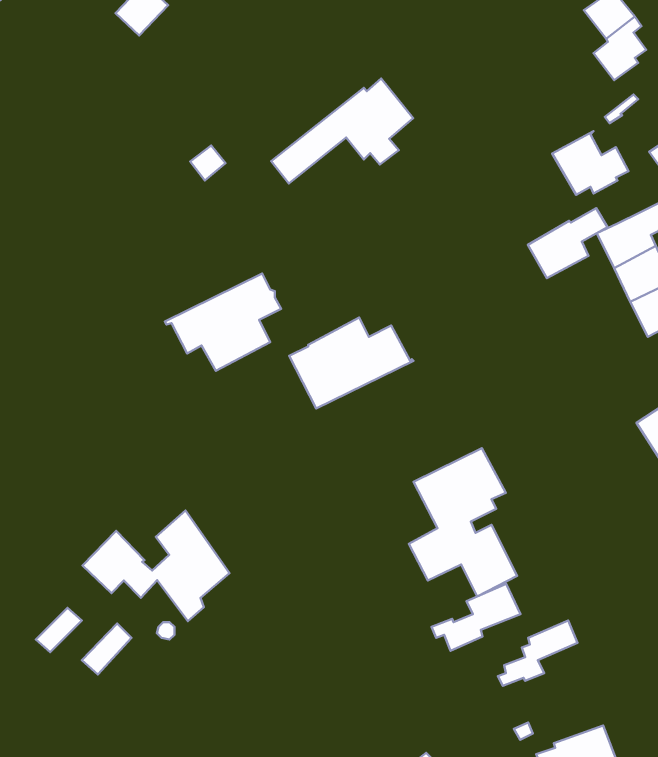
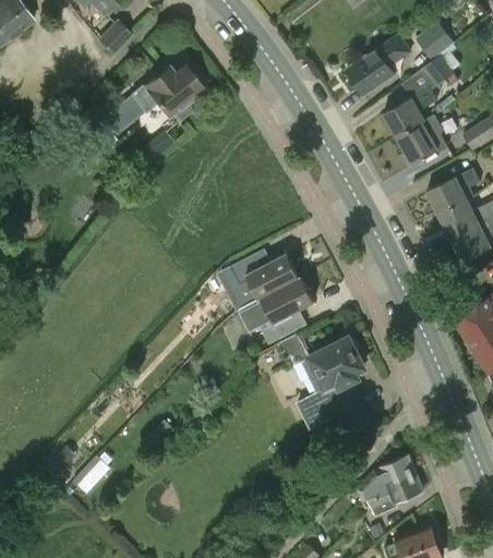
building: none -> [346,35,406,95]
building: [271,78,413,184] -> [105,60,202,132]
building: [528,208,607,278] -> [383,87,437,135]
building: [165,274,281,371] -> [235,277,314,343]
building: [82,511,230,621] -> none
building: [431,584,521,651] -> [362,470,423,515]

